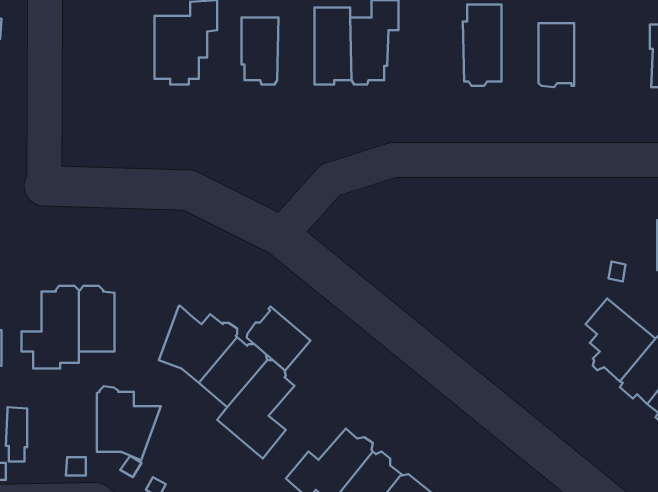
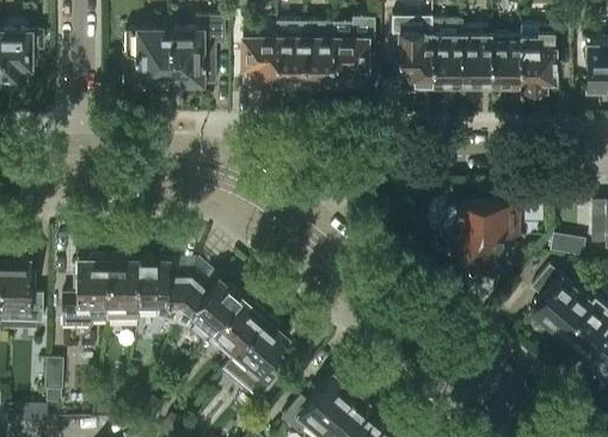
building: none -> [399,23,430,87]
building: none -> [522,25,553,93]
building: none -> [125,29,171,86]
building: none -> [274,30,305,86]
building: none -> [461,33,492,87]
building: none -> [438,201,517,279]
building: [247,306,311,370] -> none
building: [97,386,161,460] -> [137,254,191,316]

